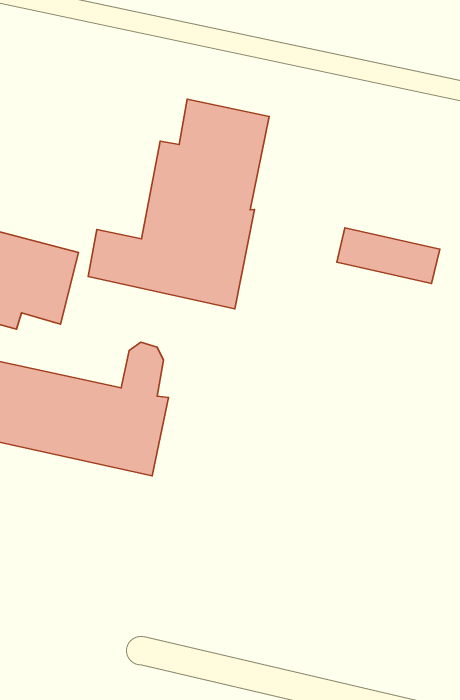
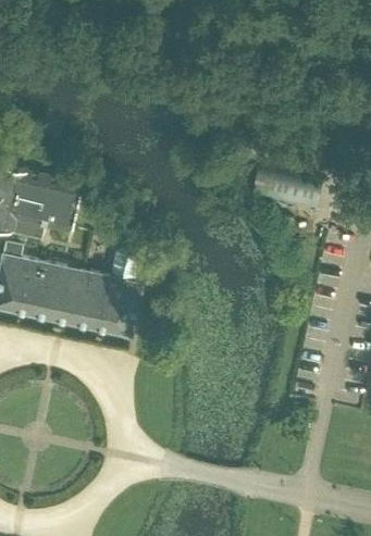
building: [88,99,269,309] -> none

